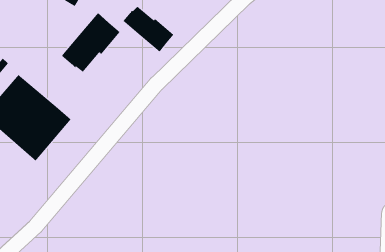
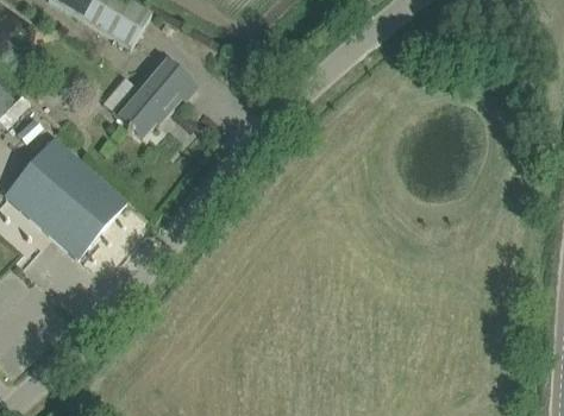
building: [123,6,174,53] -> none

